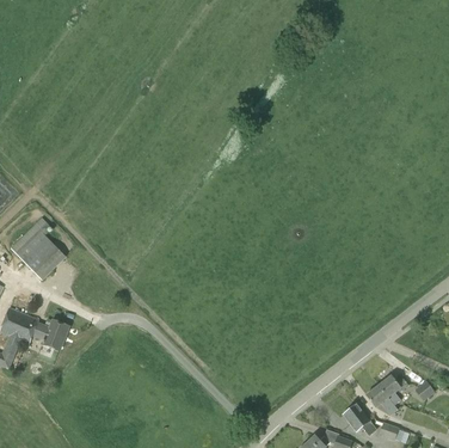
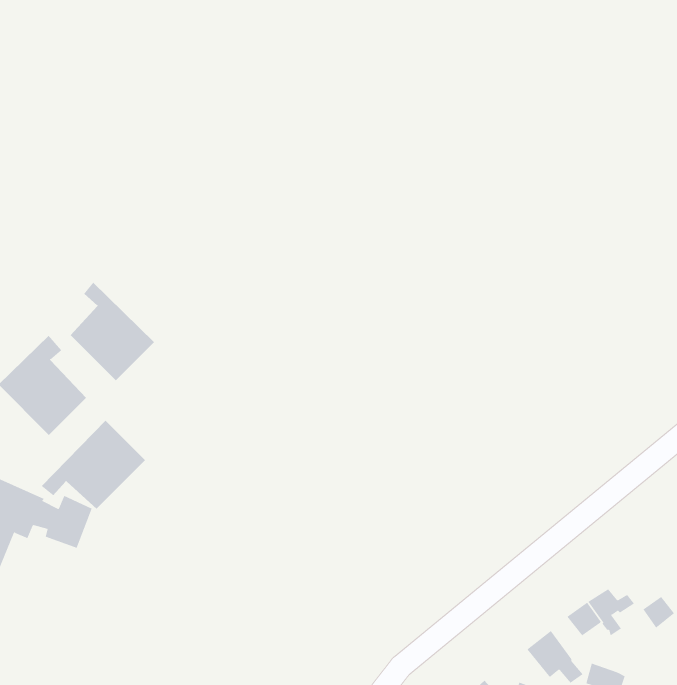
building: none -> [70,282,155,381]
building: none -> [41,420,146,510]

